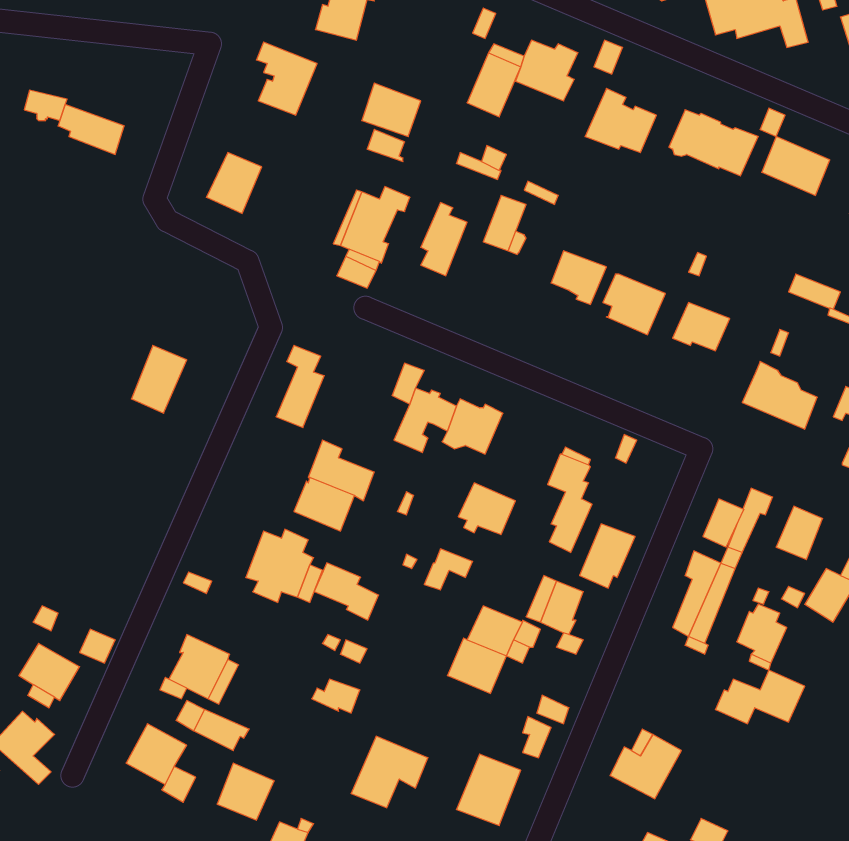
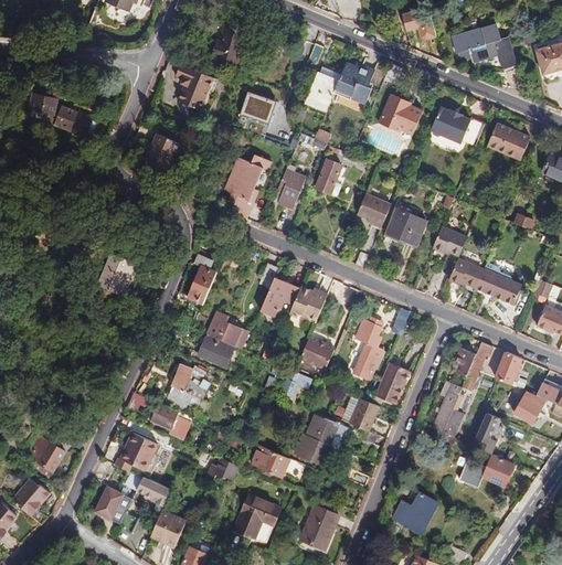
building: none -> [448,258,484,288]
building: [314,563,379,620] -> [150,403,190,438]
building: none -> [251,445,290,478]

